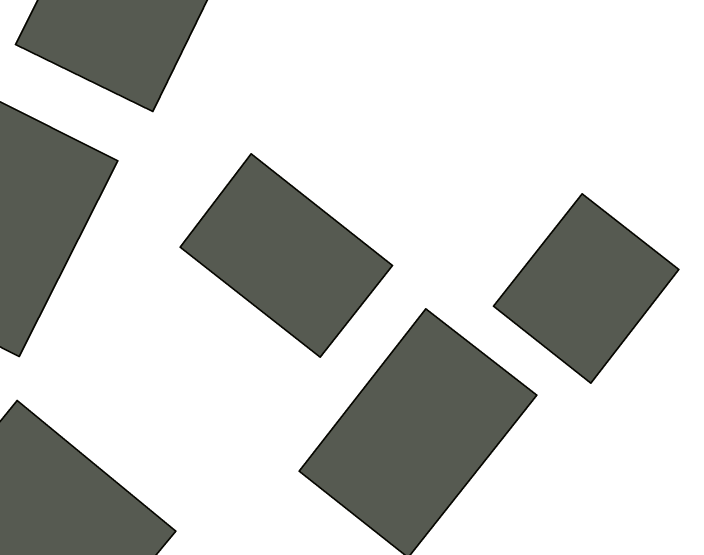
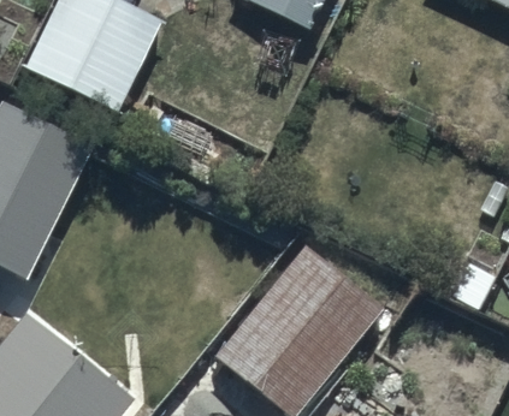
building: [180,154,392,357] -> none
building: [494,194,679,383] -> none

